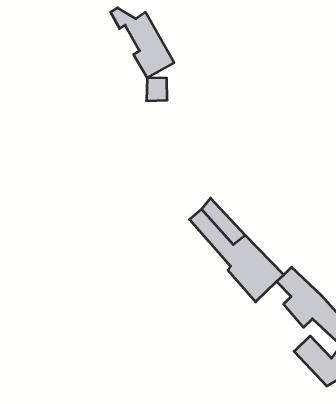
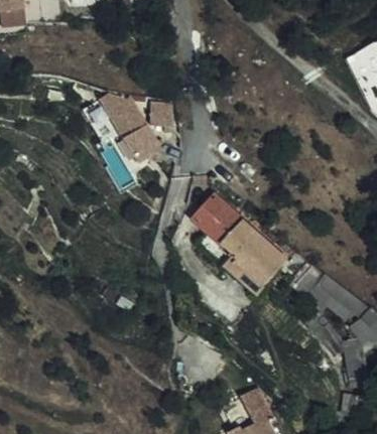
building: [111,8,174,78] -> [94,90,158,151]

